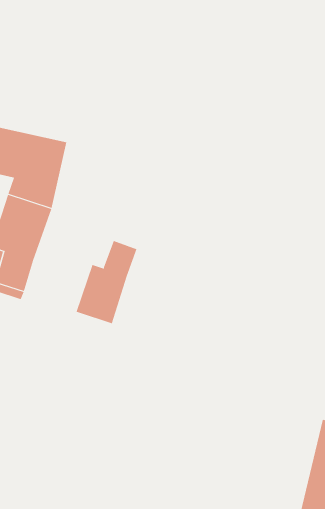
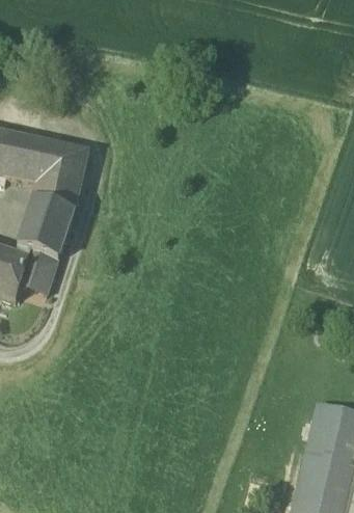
building: [76,240,137,324] -> none

